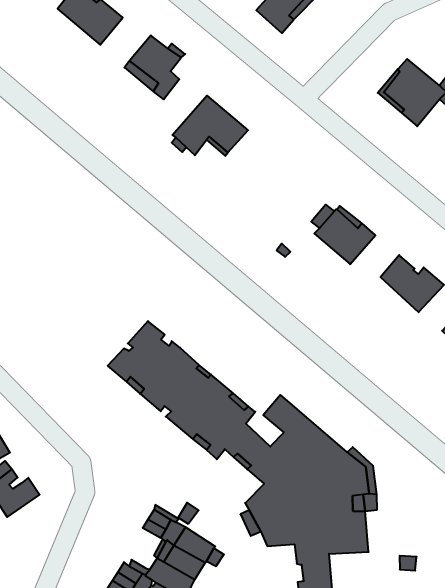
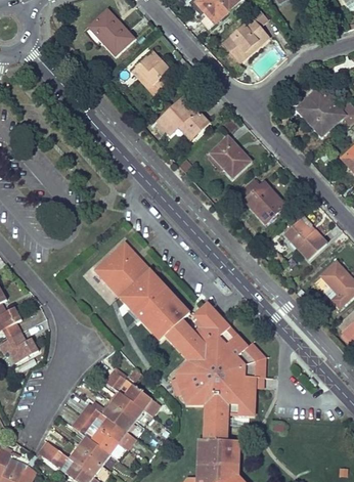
building: none -> [210,136,250,175]

